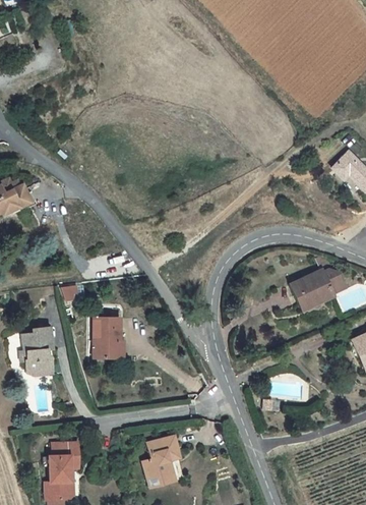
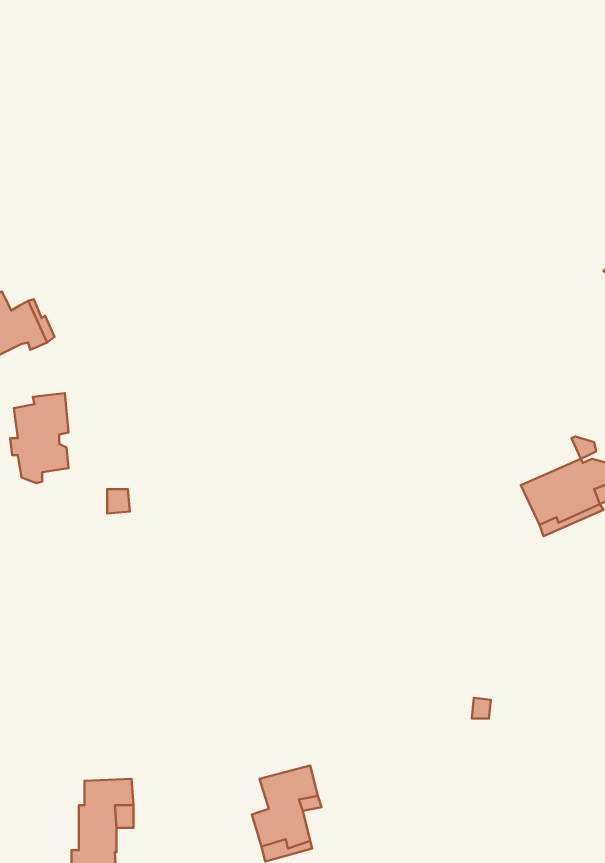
building: [94,317,120,358] -> none
building: [20,327,52,376] -> [10,393,68,483]

